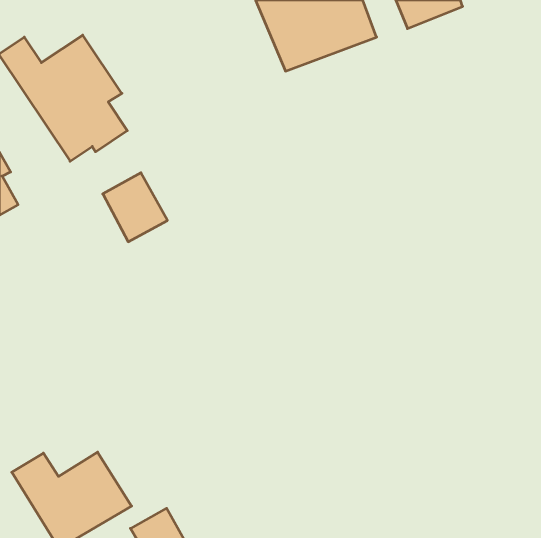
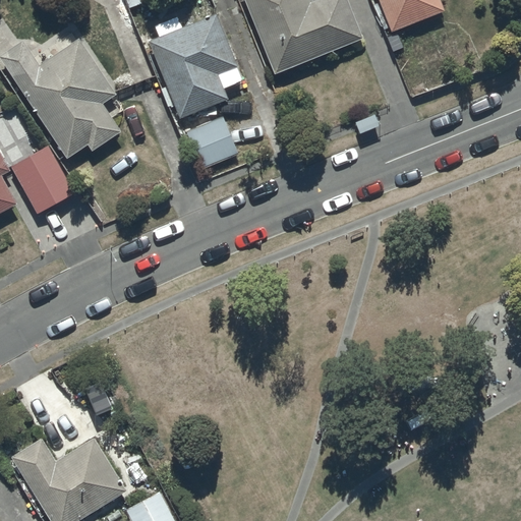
building: none -> [149,13,241,116]
building: none -> [185,116,237,170]
building: [103,173,167,242] -> [11,147,73,213]

